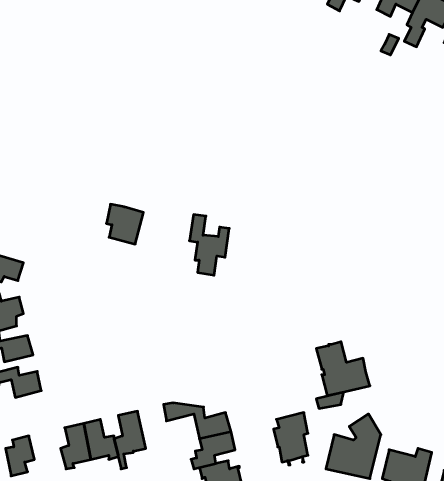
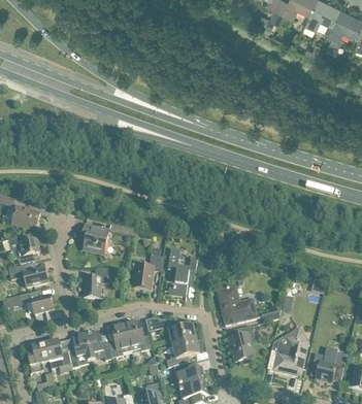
building: [106,204,143,244] -> [81,224,109,254]
building: [189,215,229,275] -> [167,248,197,294]
building: none -> [133,254,163,289]
building: none -> [84,268,108,297]
building: [316,342,370,395] -> [217,284,257,325]
building: none -> [126,321,152,351]
building: none -> [44,339,72,371]

